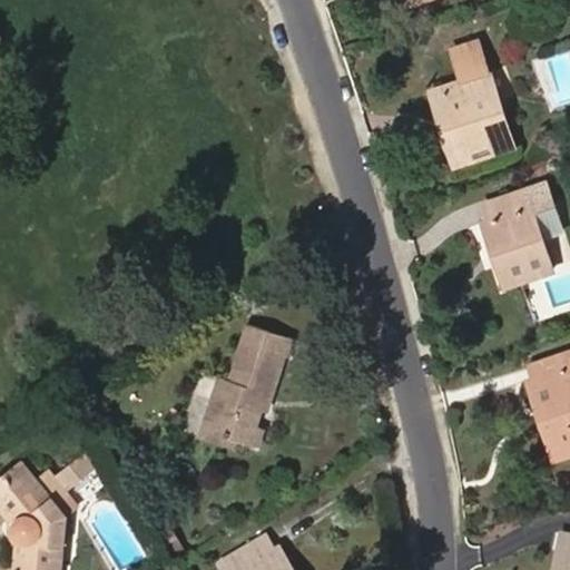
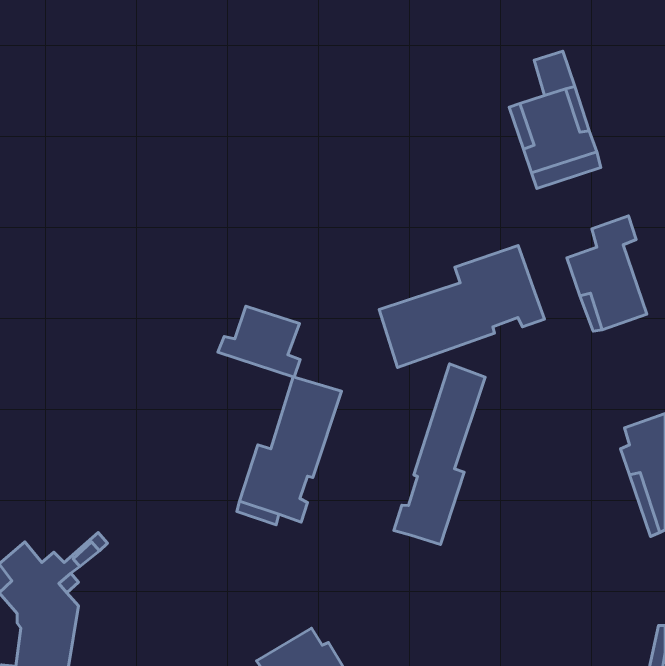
building: none -> [379,246,545,367]
building: none -> [218,306,300,377]
building: none -> [394,364,485,544]

